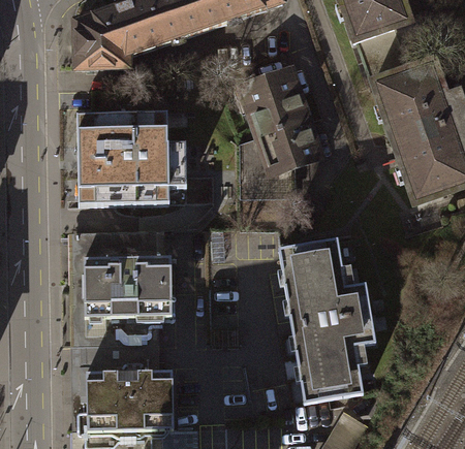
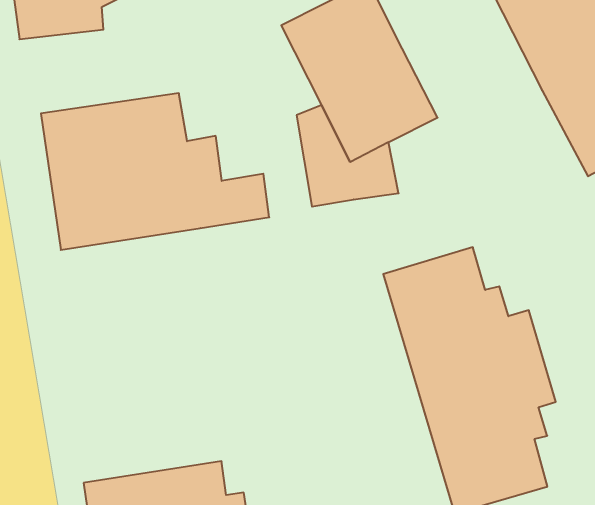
building: [76,230,168,347] -> none

